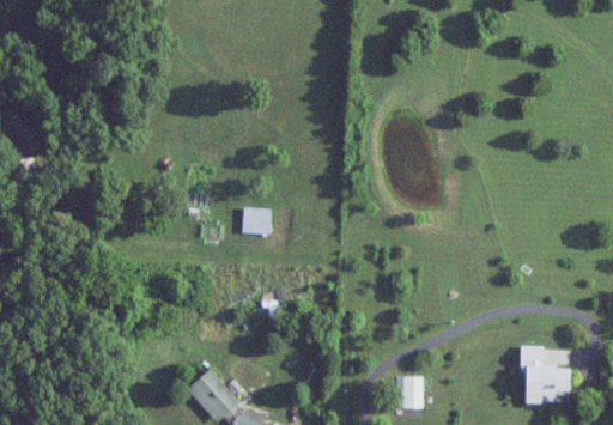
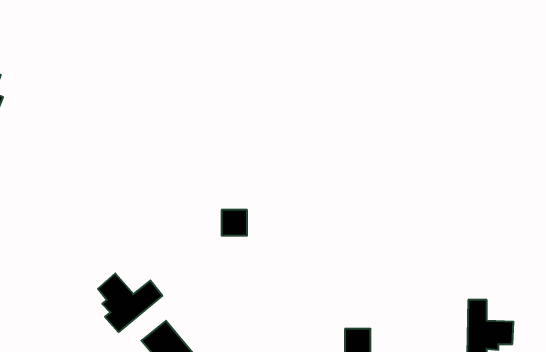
building: [243,207,269,233] -> [222,210,247,236]
building: none -> [98,273,162,332]

